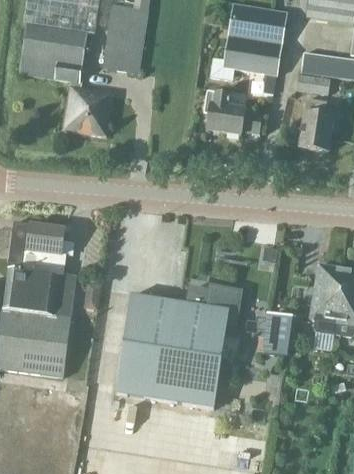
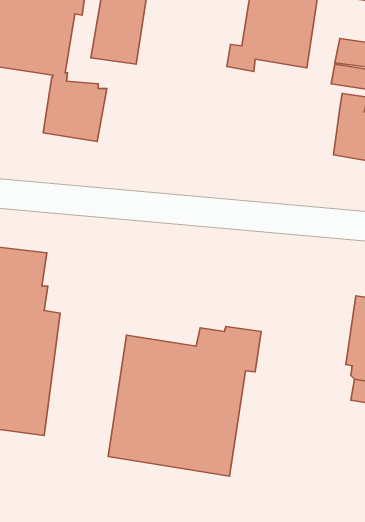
building: [205,90,261,134] -> none
building: [264,313,294,356] -> none

